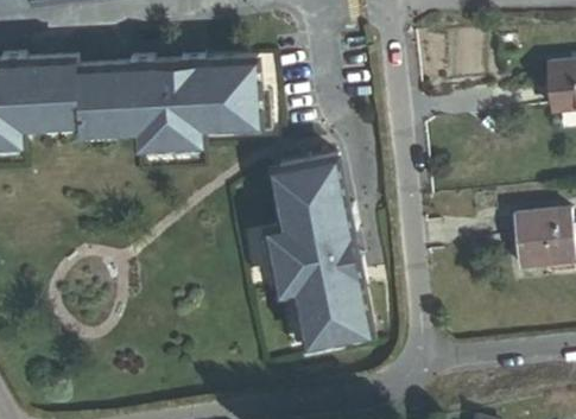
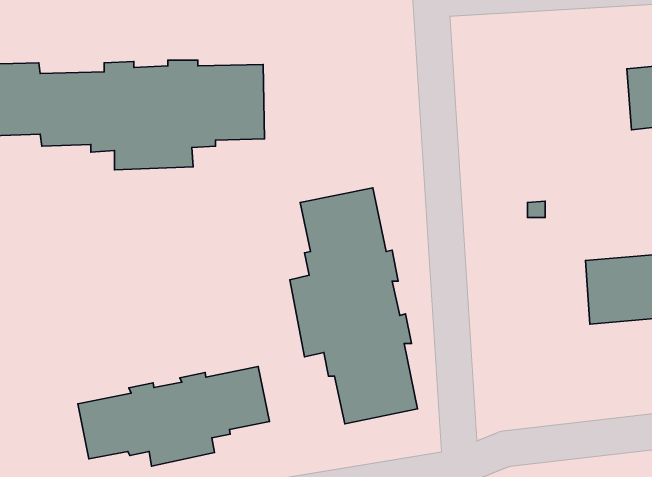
building: none -> [78,367,270,466]

